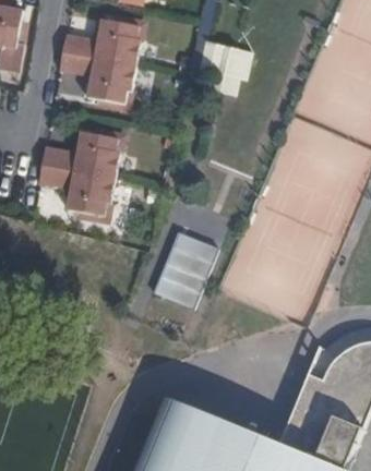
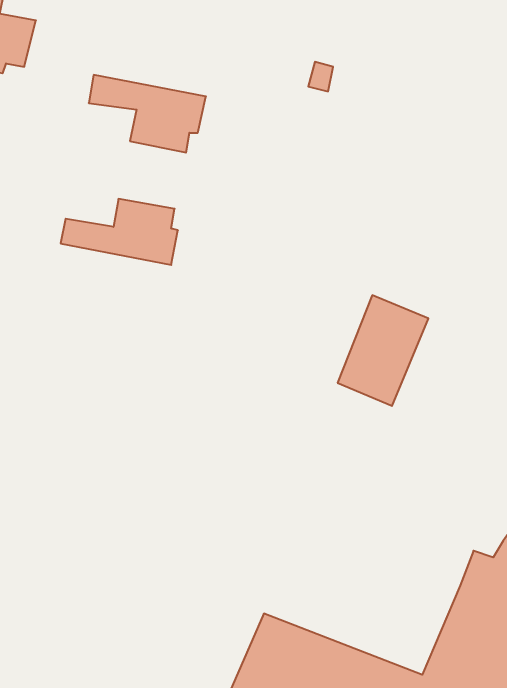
building: [62,22,140,65] -> none
building: [37,162,113,213] -> none
building: [157,231,217,304] -> [338,295,428,406]

